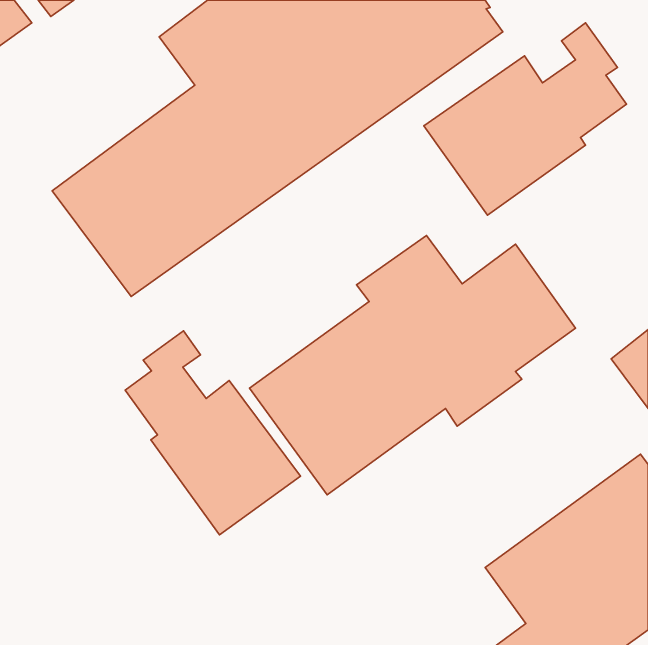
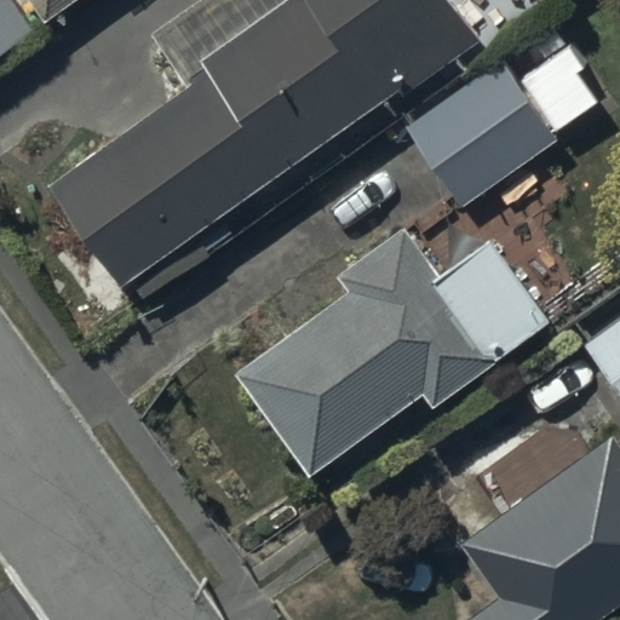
building: [125,331,300,535] -> none

